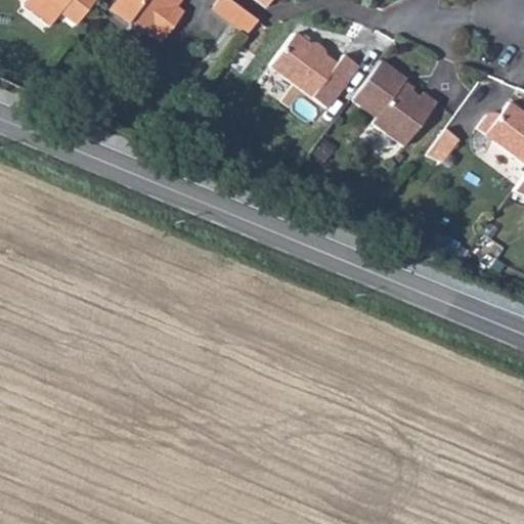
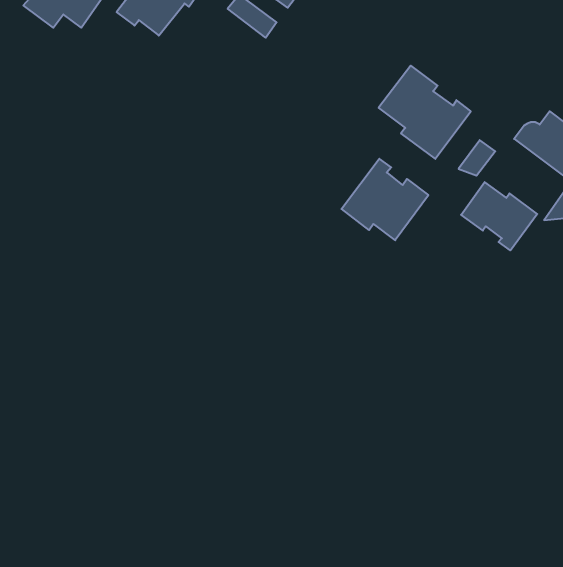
building: [271,33,359,108] -> none
building: none -> [341,159,428,240]
building: none -> [461,182,537,250]

